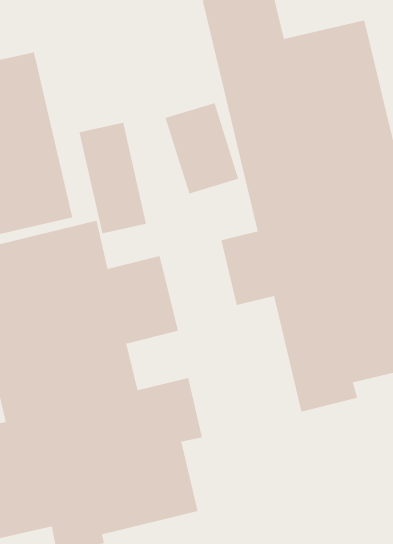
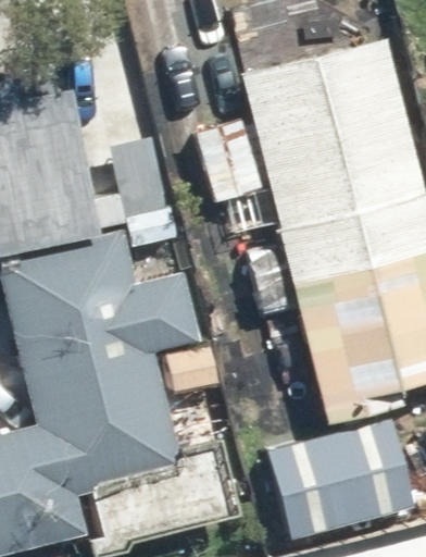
building: none -> [265,432,410,539]

